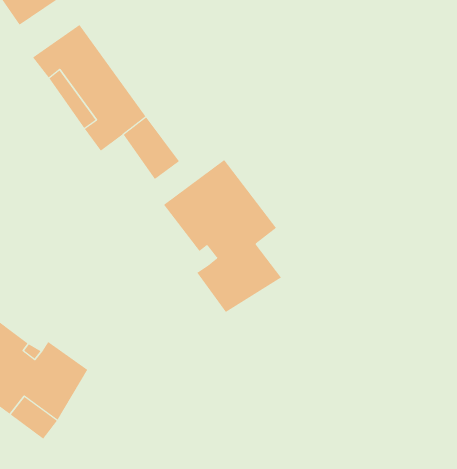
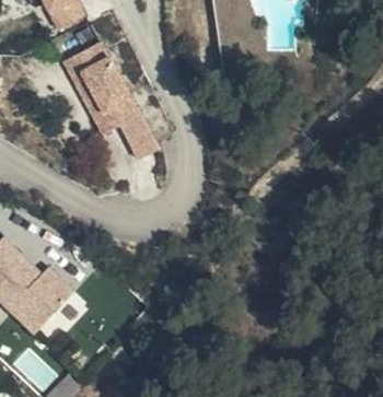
building: [163,159,282,313] -> none

